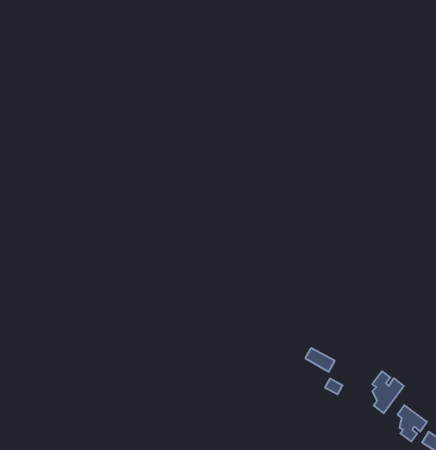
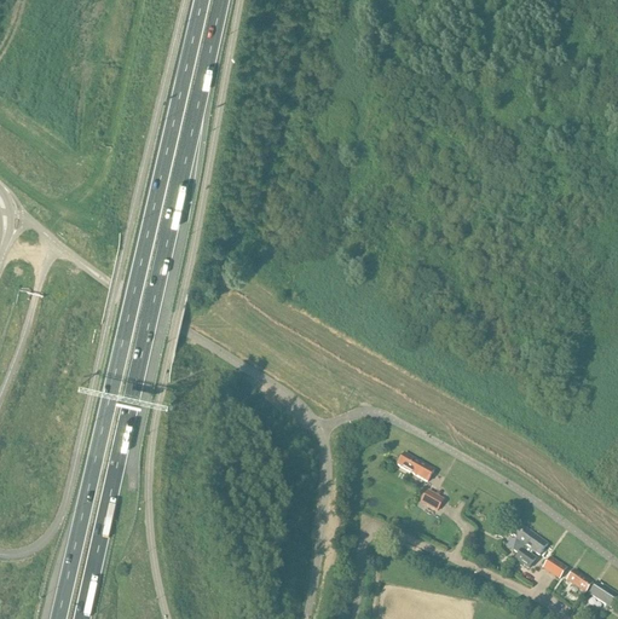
building: [372,371,404,413] -> none

